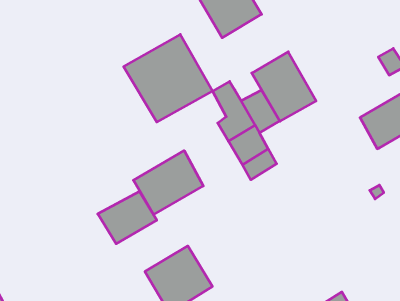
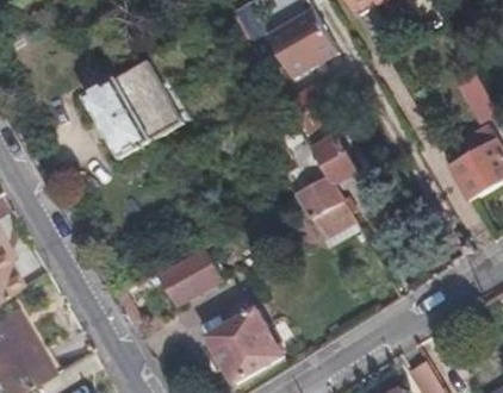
building: [124,34,212,122] -> [83,60,182,157]
building: [252,52,316,121] -> none
building: [133,151,203,215] -> none

